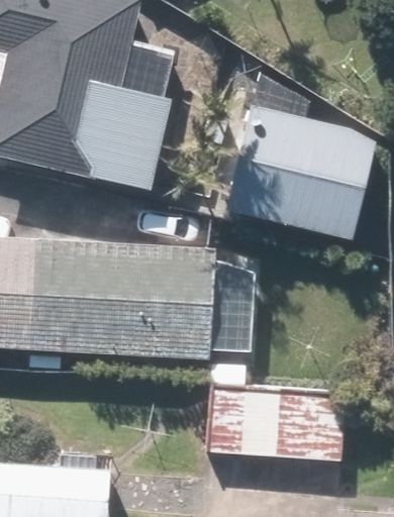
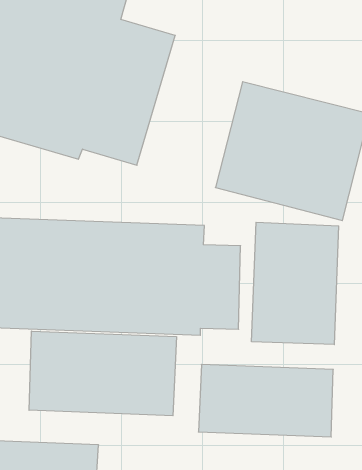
building: none -> [252,222,339,345]
building: none -> [29,331,176,416]

